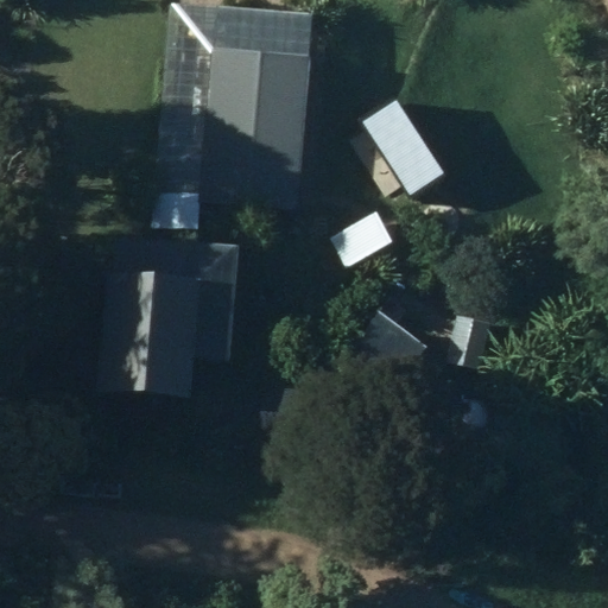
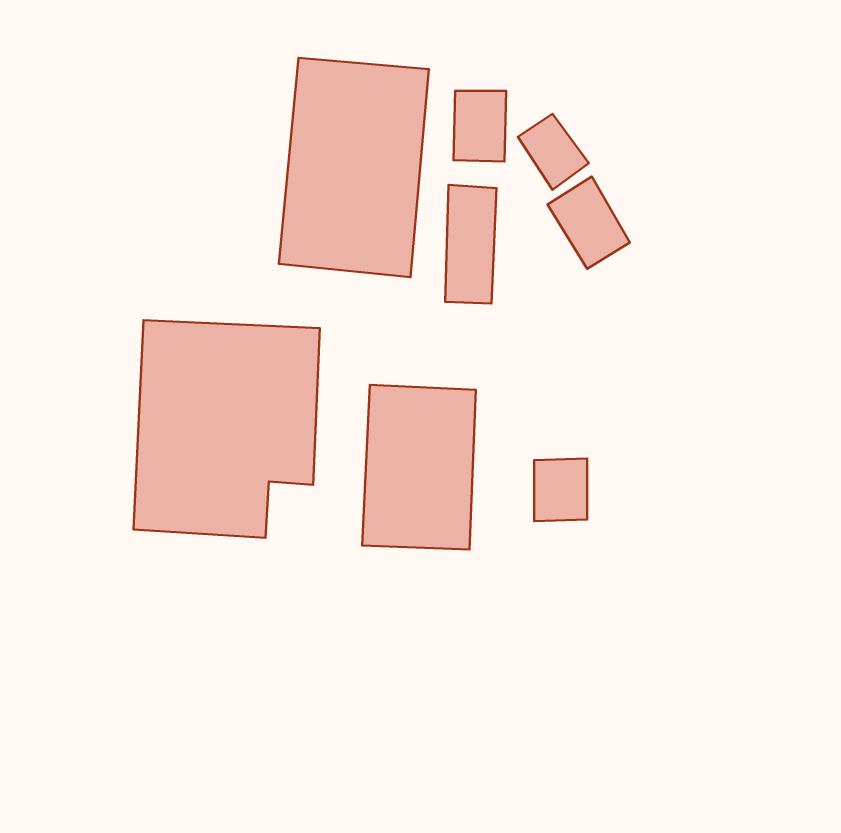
building: none -> [362,385,476,550]

